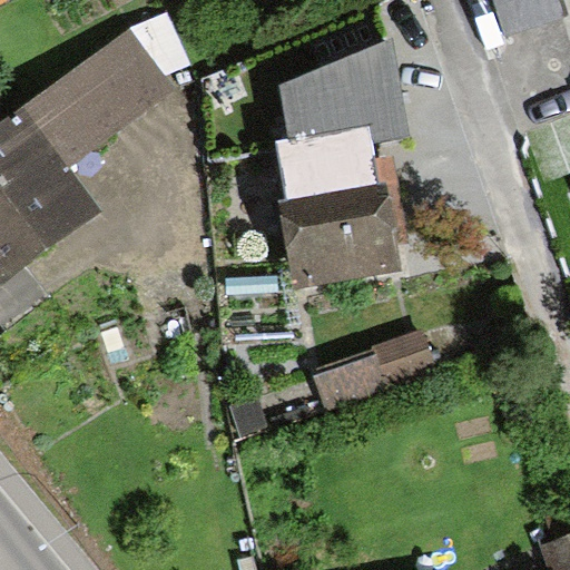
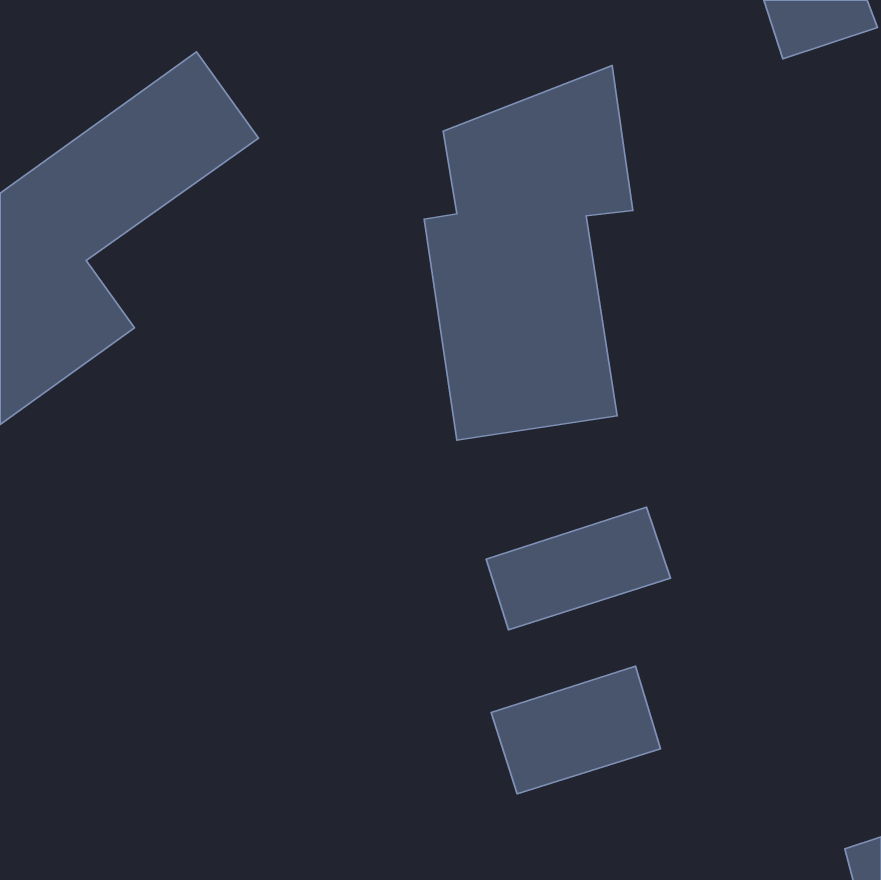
building: none -> [491,666,660,794]

